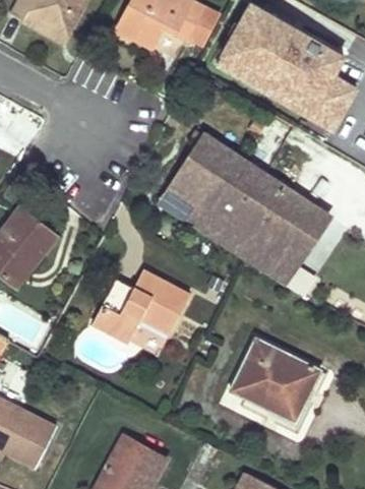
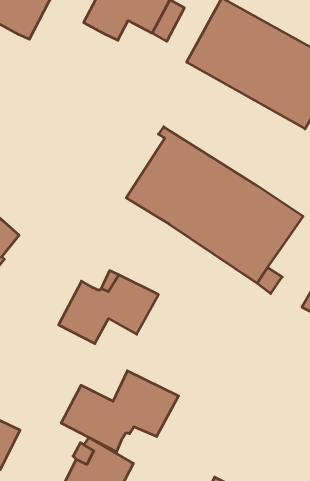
building: [230,339,321,422] -> none
building: none -> [61,371,179,452]

